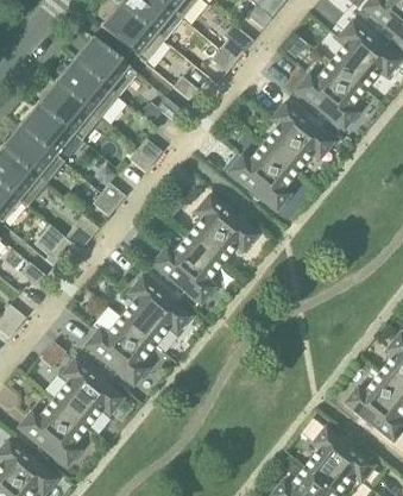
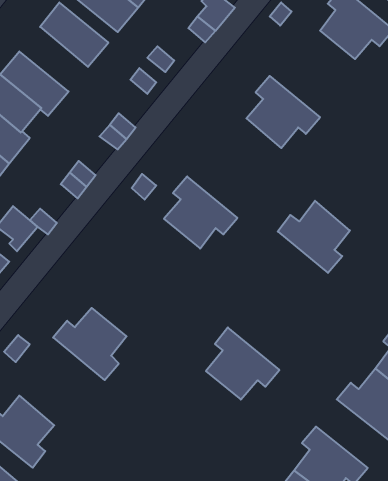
building: [55,58,118,118] -> none
building: [296,62,364,128] -> none
building: [229,143,296,209] -> [278,201,350,273]
building: [153,236,221,302] -> none
building: [121,277,189,344] -> [206,327,279,400]
building: [55,359,122,426] -> none

